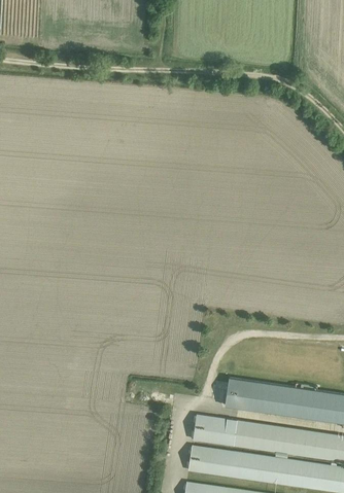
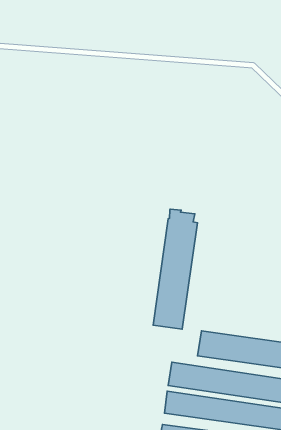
building: none -> [153,209,197,329]

